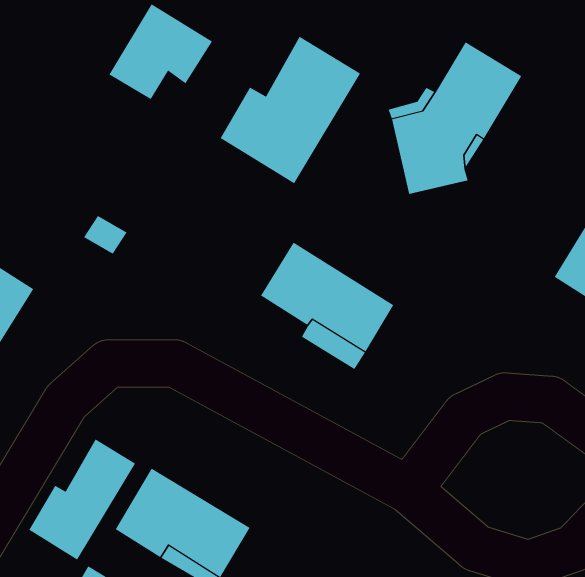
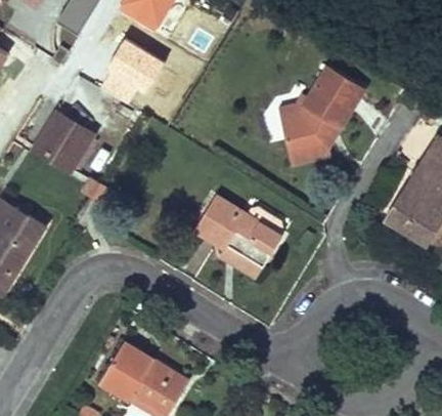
building: [220,36,361,184] -> none
building: none -> [36,114,92,169]
building: [28,439,136,560] -> none

